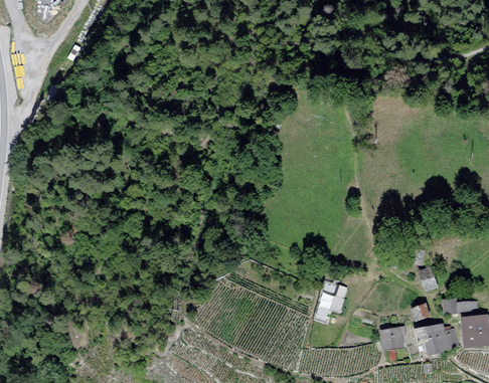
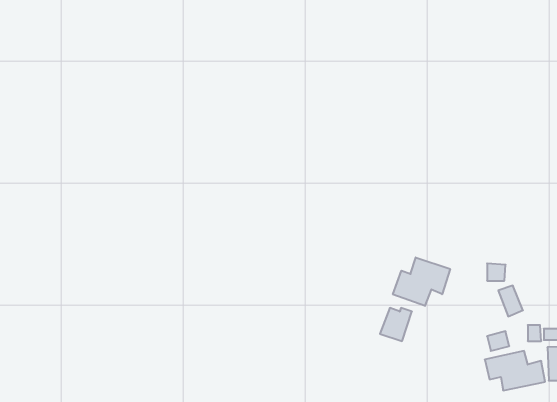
building: none -> [393,257,450,306]
building: [378,326,400,346] -> none

